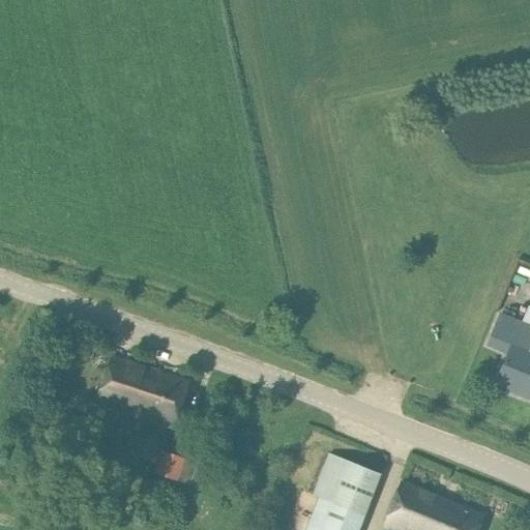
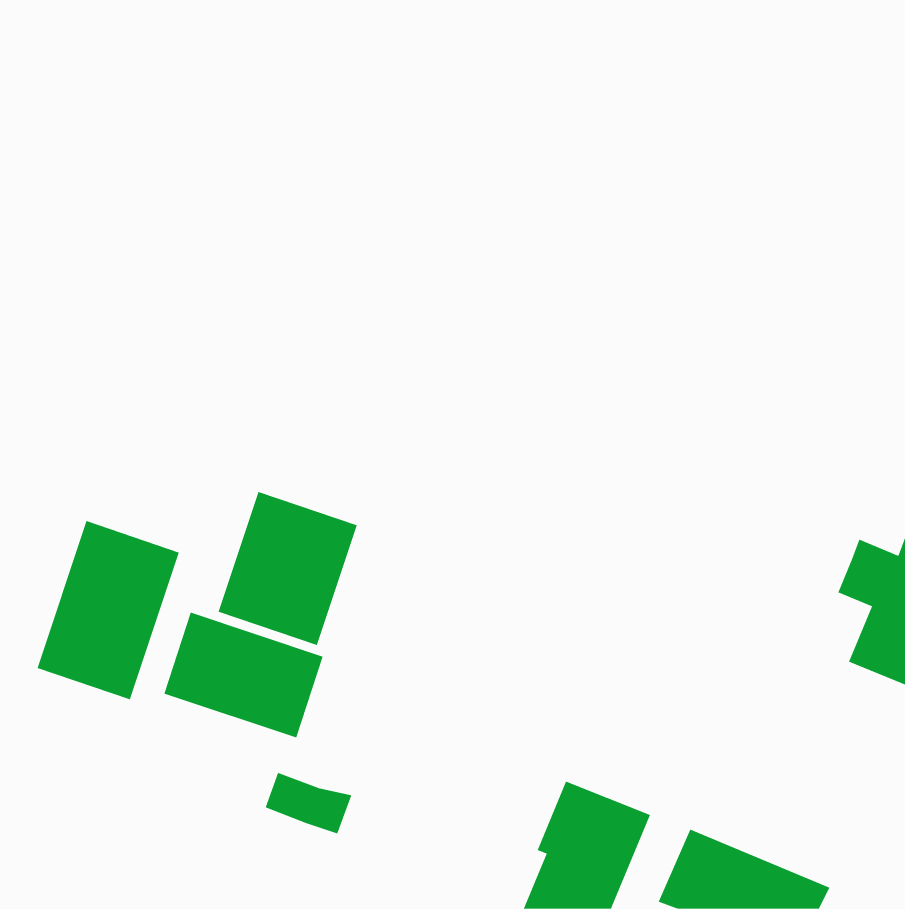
building: none -> [218,491,358,646]
building: none -> [37,520,180,700]

